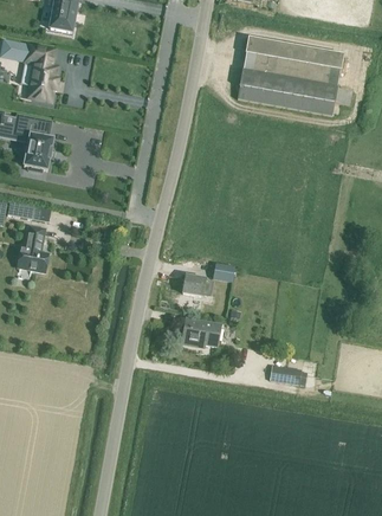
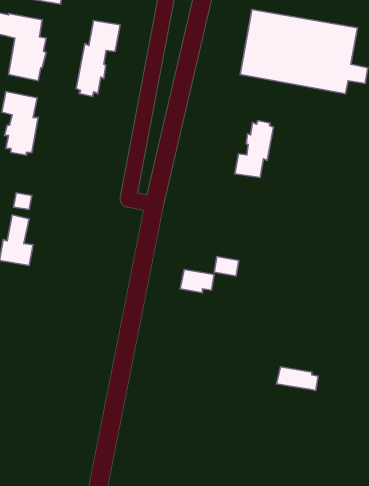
building: none -> [76,21,120,96]
building: none -> [235,121,273,178]
building: [180,317,221,348] -> none

